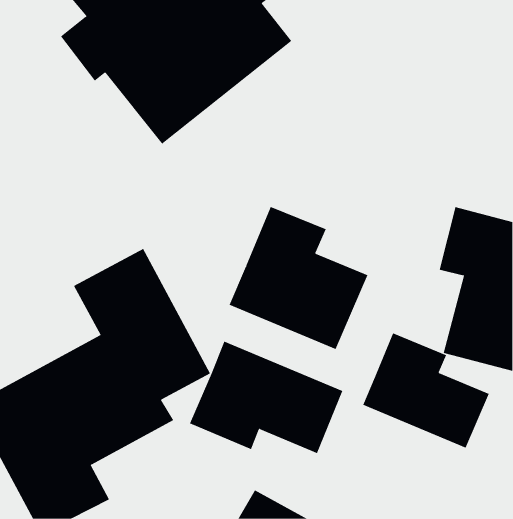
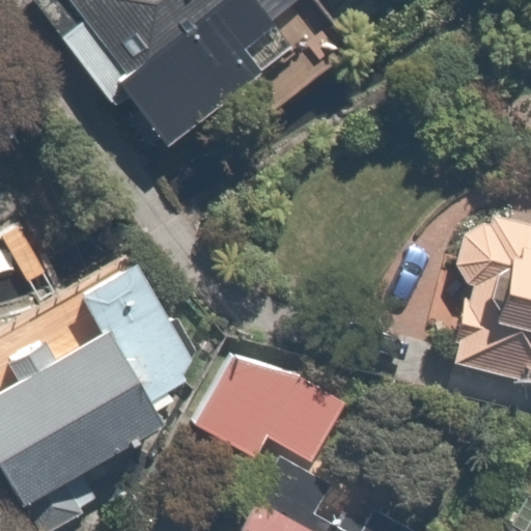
building: [229,206,368,350] -> none
building: [362,333,490,448] -> none

